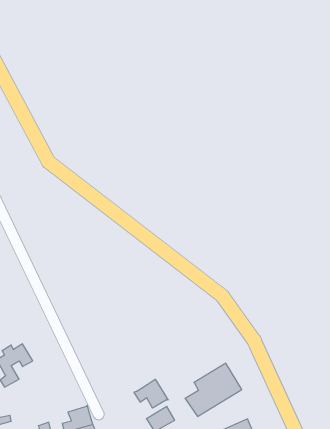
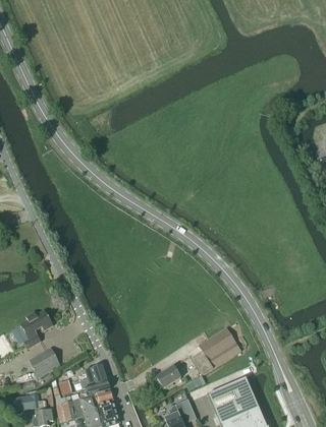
building: [134,379,168,408] -> none
building: none -> [30,346,61,377]

